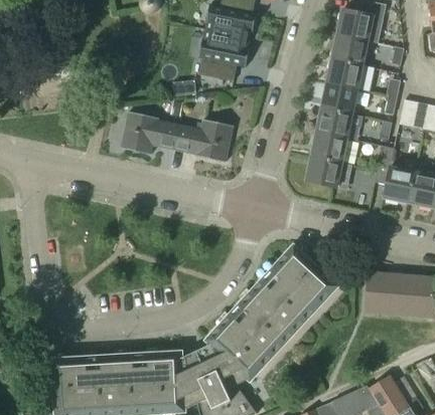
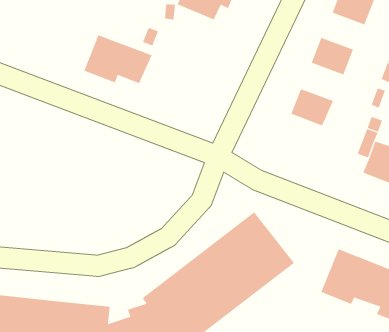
building: [326,60,372,91] -> none
building: [316,108,352,138] -> none
building: [173,120,234,163] -> none
building: [305,156,350,188] -> none

